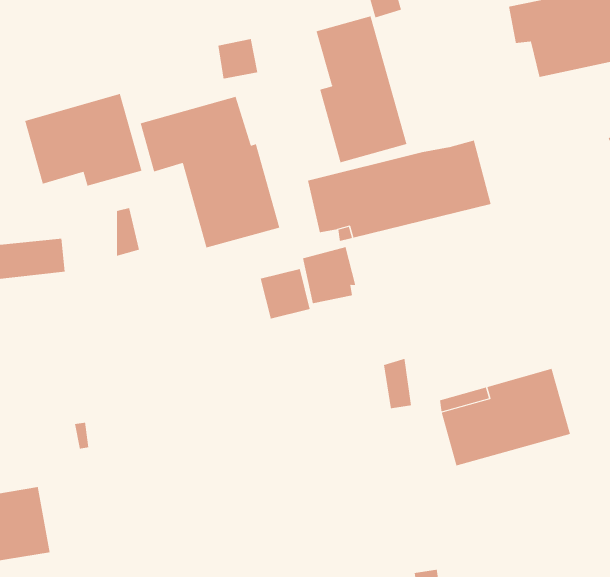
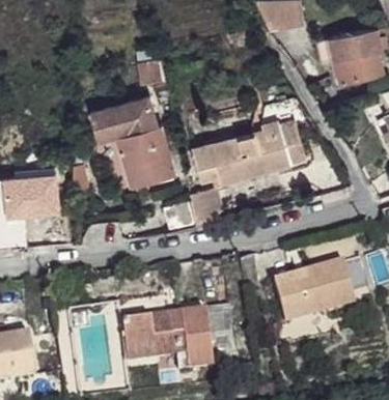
building: [316,15,407,163] -> none
building: [24,93,142,187] -> none
building: none -> [121,306,237,368]

